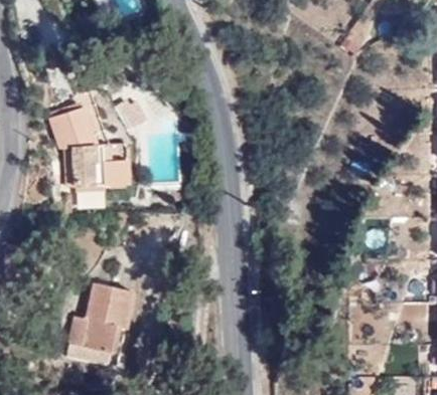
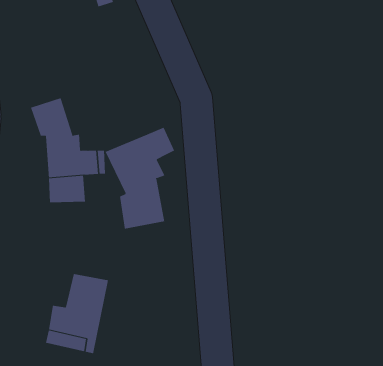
building: none -> [105,127,175,230]

